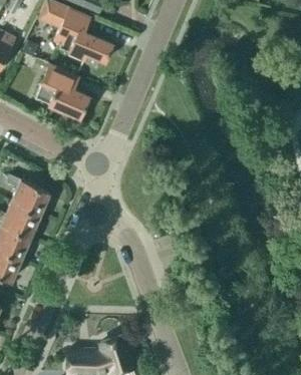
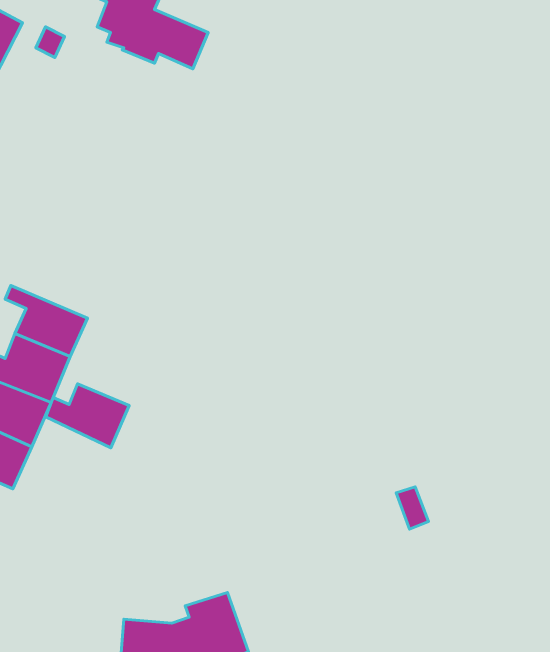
building: [35,63,89,119] -> none
building: none -> [46,384,129,448]

